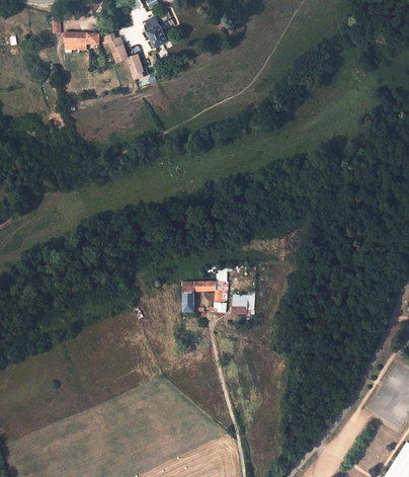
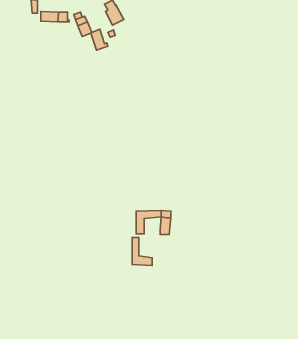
building: [232,295,254,314] -> none
building: none -> [132,237,152,266]

